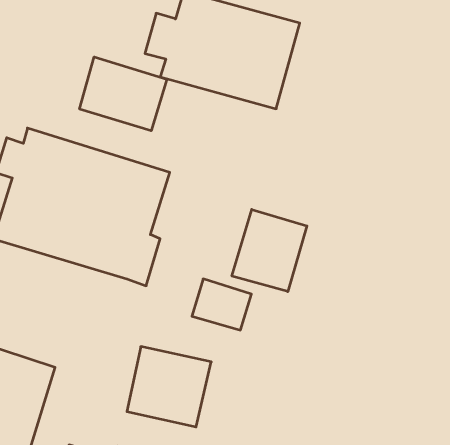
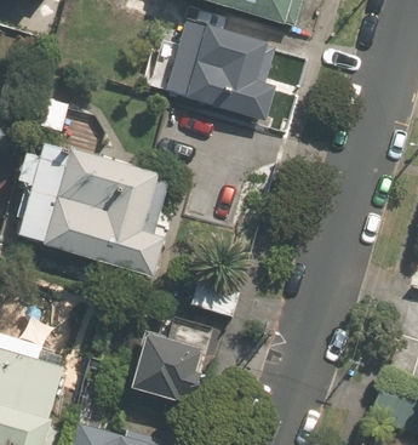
building: [80,57,167,131] -> none
building: [232,209,307,292] -> none

